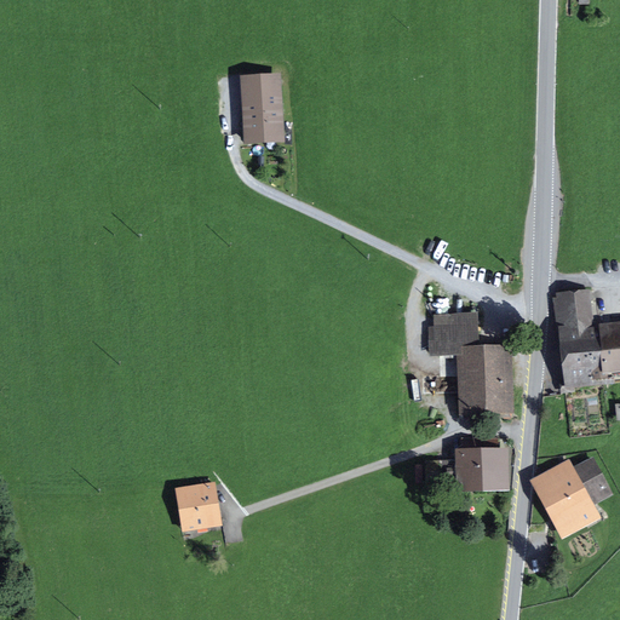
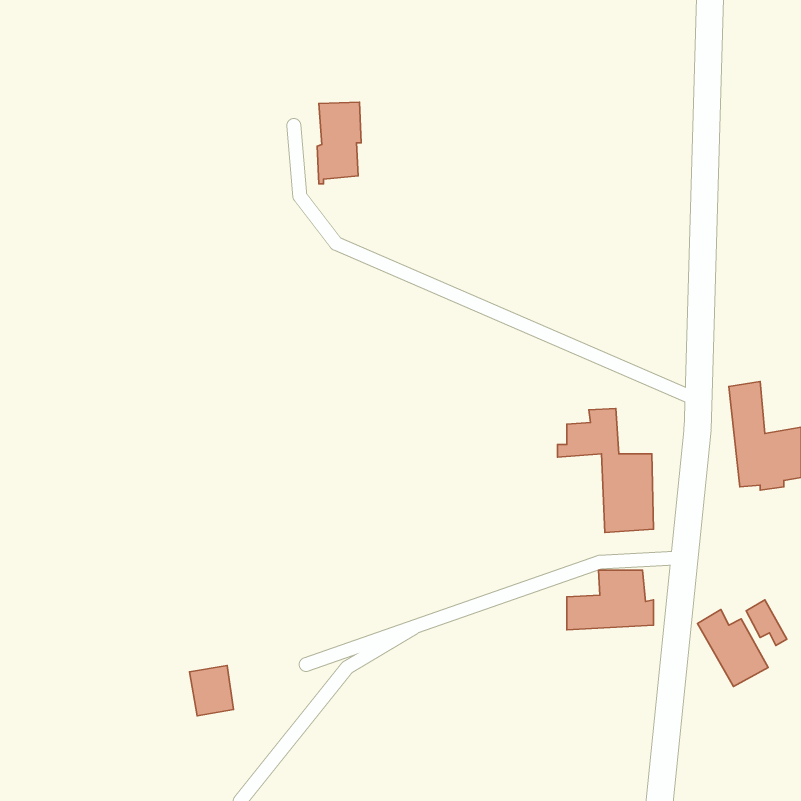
building: [180,487,214,526] -> [189,666,233,716]

